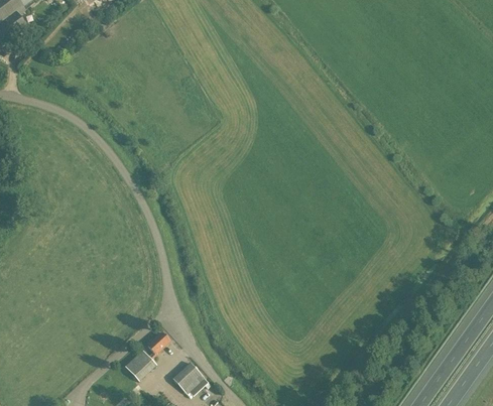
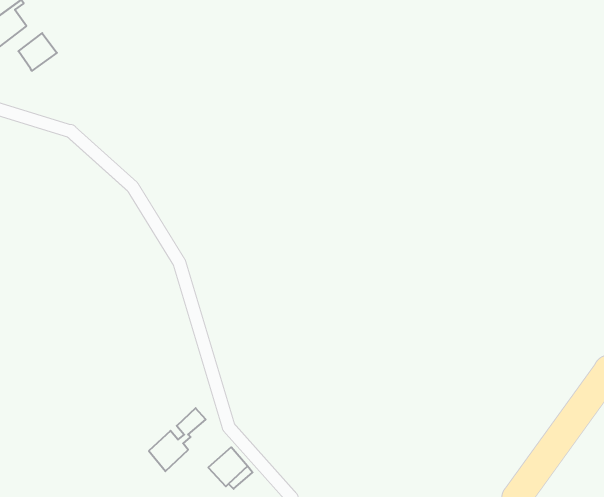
building: none -> [18,33,57,71]

